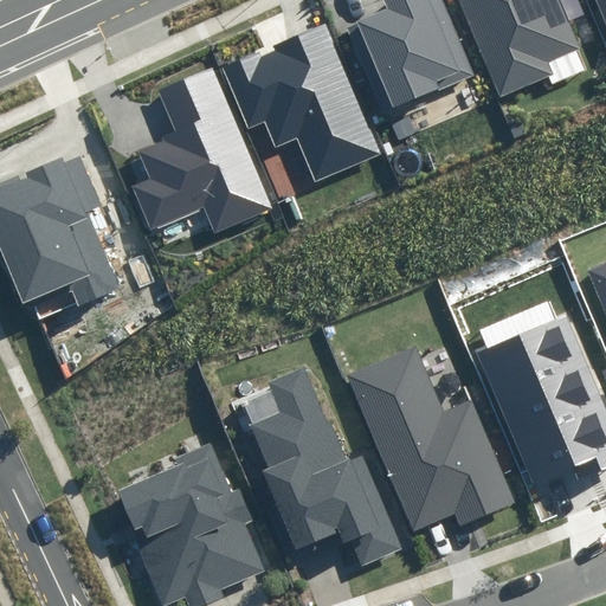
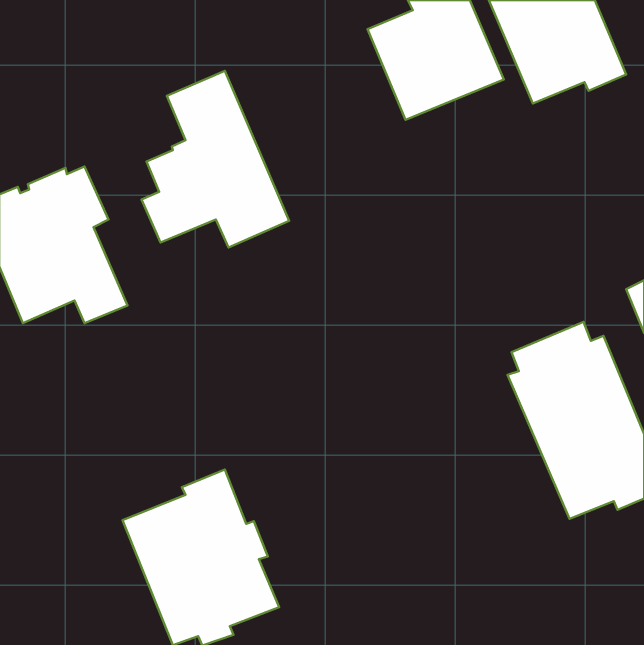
building: [220,24,380,181] -> none
building: [347,347,514,531] -> none
building: [246,365,400,565] -> none

